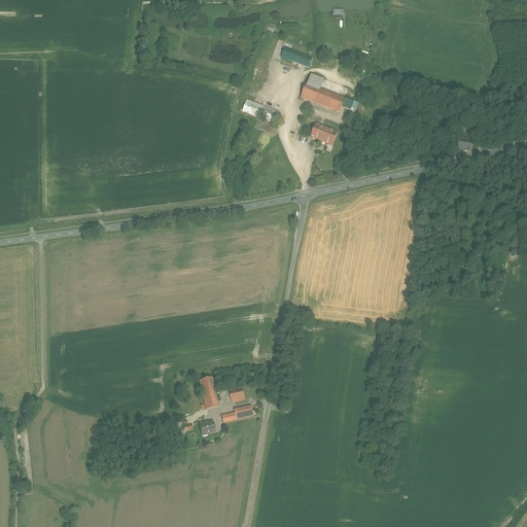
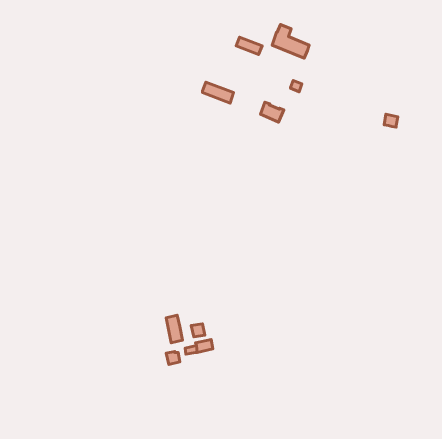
building: [301,72,345,112] -> [272,24,309,58]

